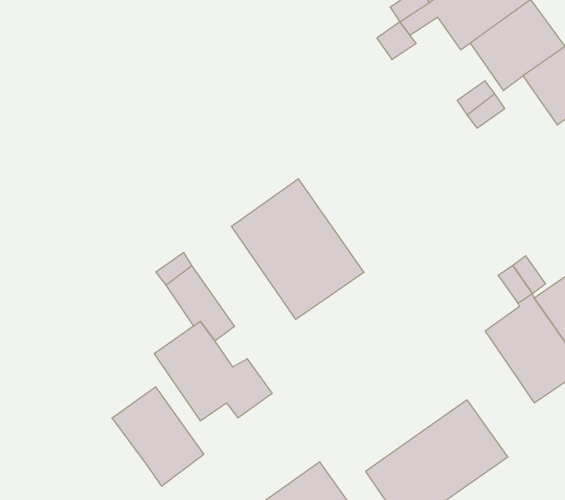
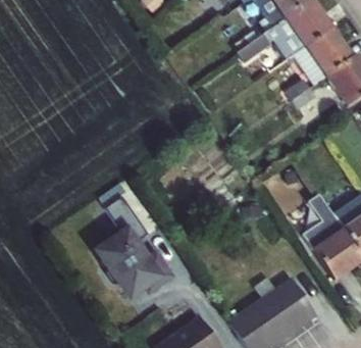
building: [231,179,364,319] -> none
building: [112,387,204,486] -> none

